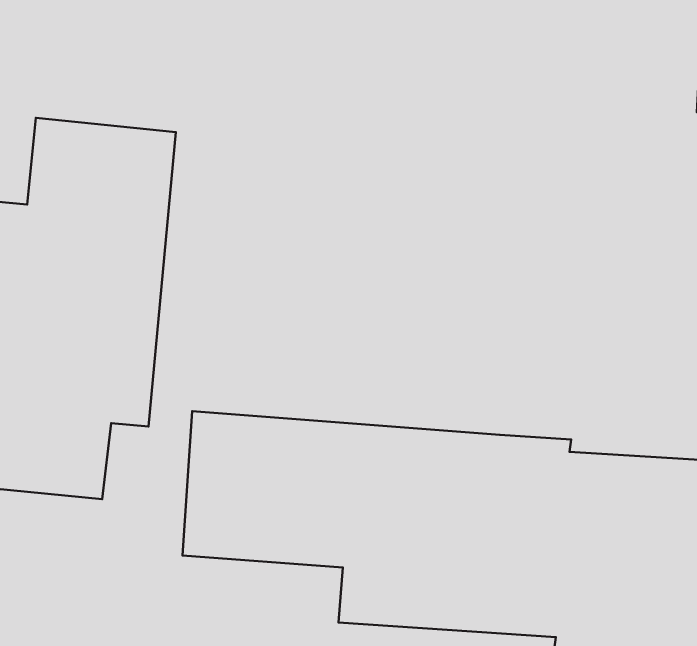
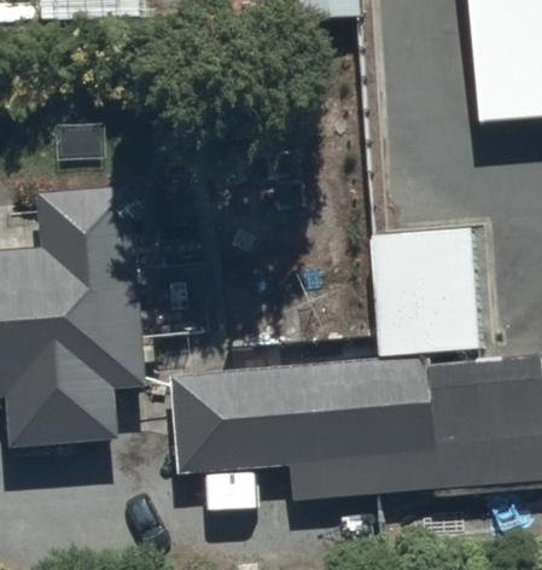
building: none -> [372,227,483,359]

